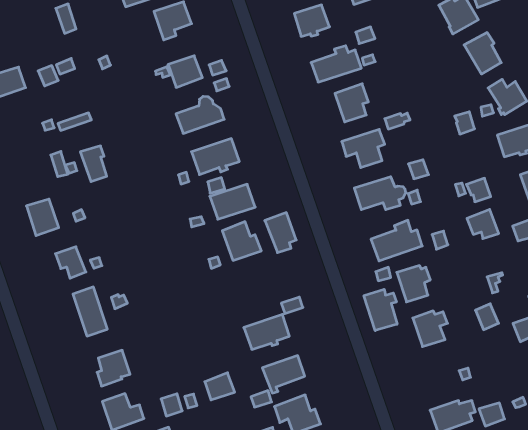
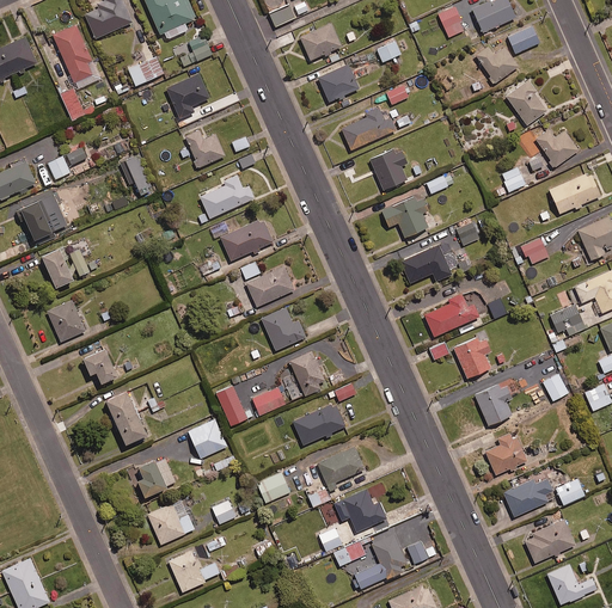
building: none -> [20,199,53,240]
building: [80,146,107,182] -> [42,248,73,288]
building: [467,209,499,239] -> [550,303,586,336]
building: [265,213,296,253] -> [289,351,325,395]
building: [364,289,397,331] -> none
building: none -> [216,386,247,426]
building: none -> [252,387,286,416]
building: none -> [188,418,227,459]
building: none -> [484,434,527,475]

